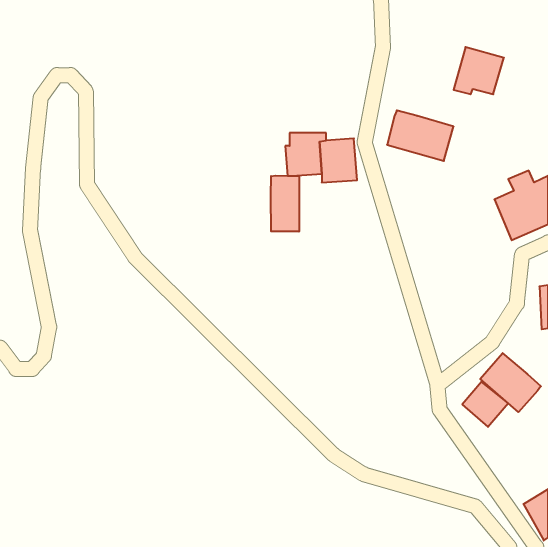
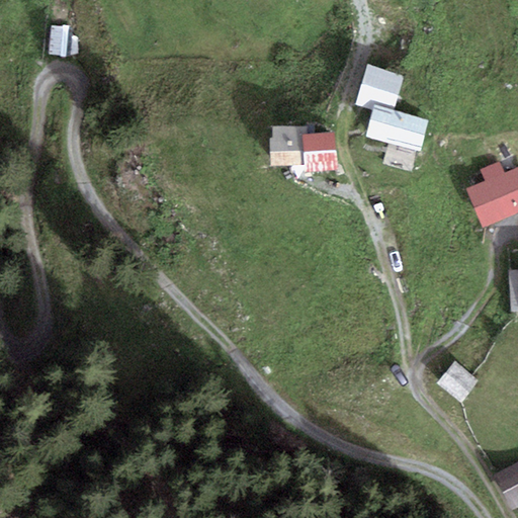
building: [454,47,504,94] -> [356,65,404,109]
building: [271,176,299,232] -> none
building: [480,353,541,412] -> none

